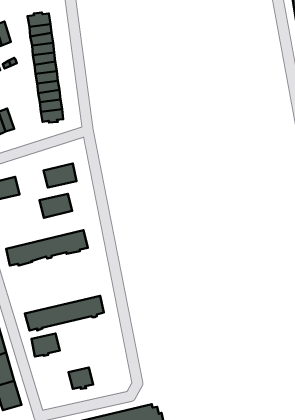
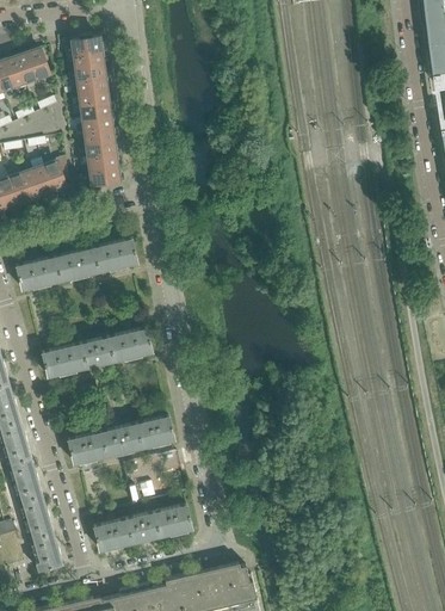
building: none -> [42,158,67,193]
building: [39,194,72,218] -> [52,249,97,282]
building: [31,334,60,357] -> [92,520,130,551]
building: none -> [152,506,190,537]

